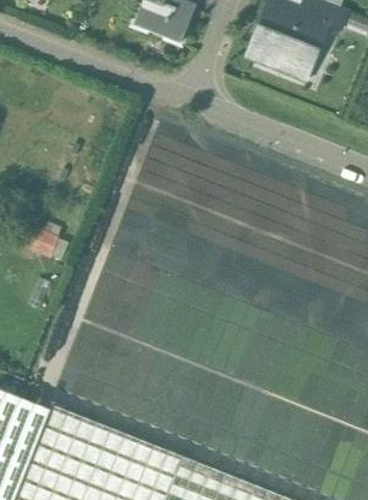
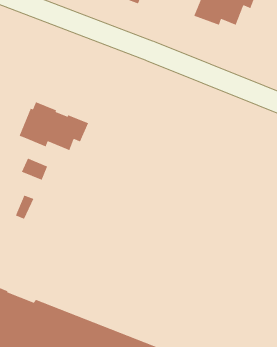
building: none -> [19,101,89,151]

